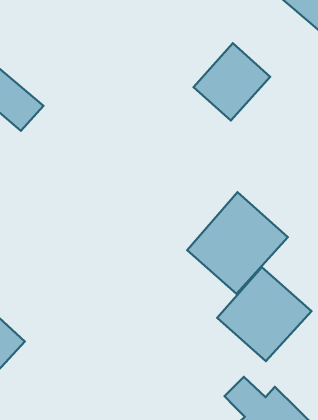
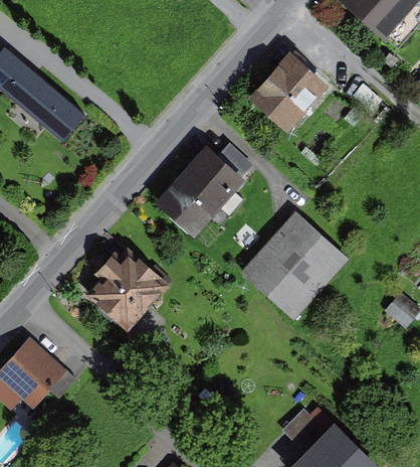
building: none -> [155,143,247,237]
building: none -> [86,248,169,330]
building: [217,267,311,361] -> none

